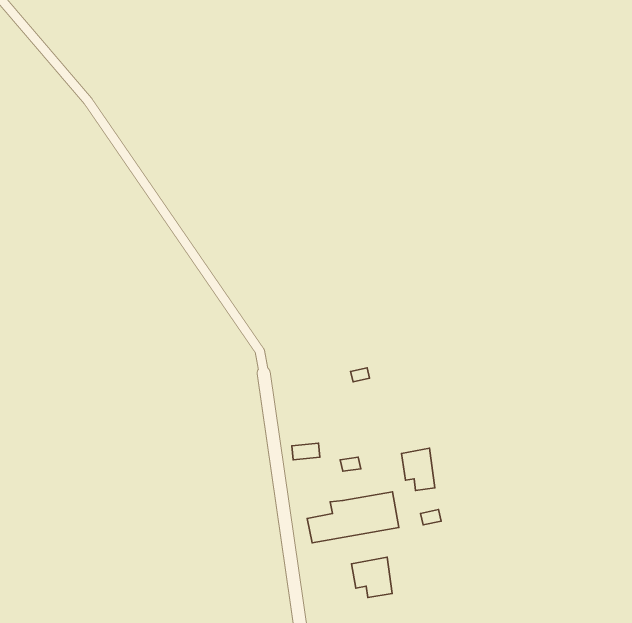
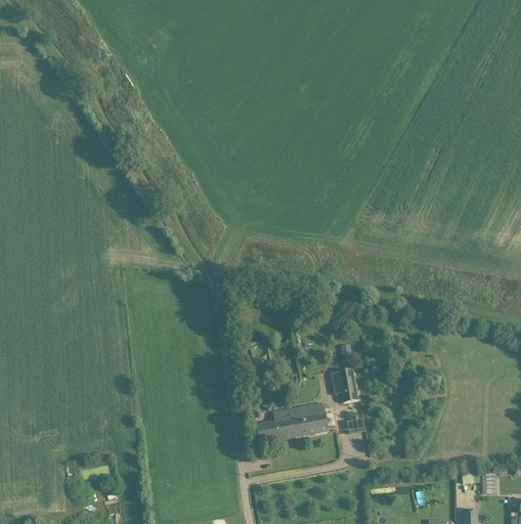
building: [351,557,392,598] -> none

